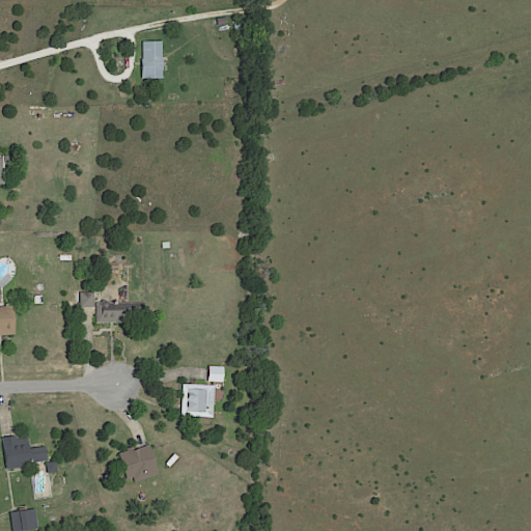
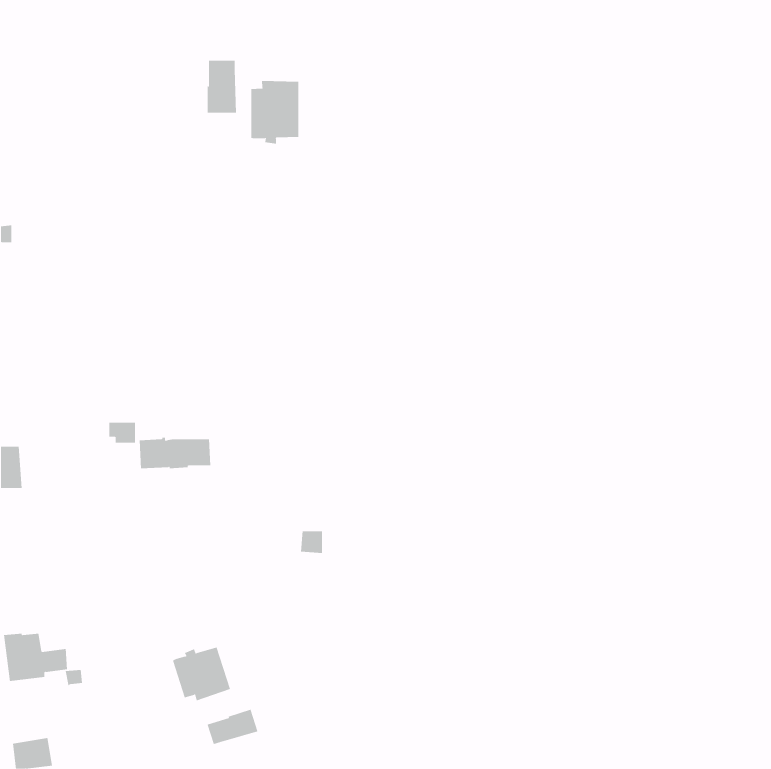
building: none -> [251,80,299,144]
building: [180,383,214,416] -> none
building: none -> [207,709,258,745]

